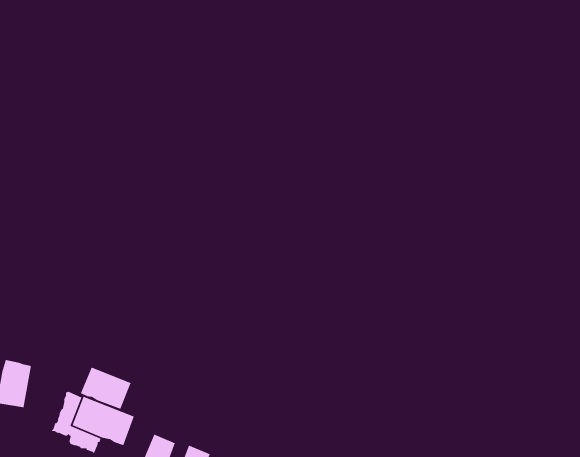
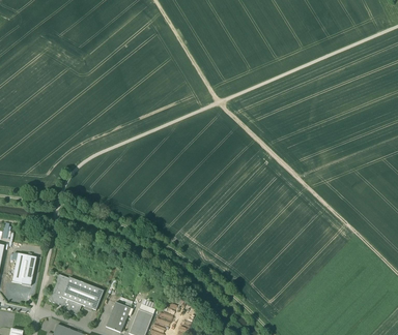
building: [80,366,132,410] -> none

